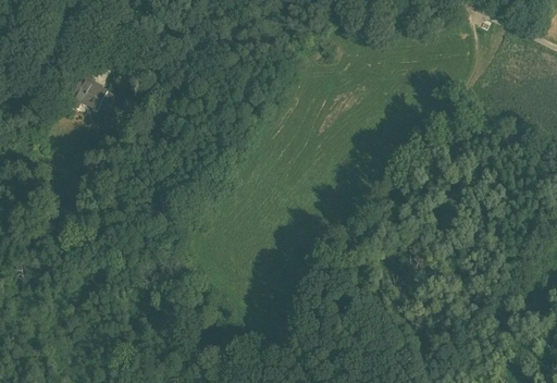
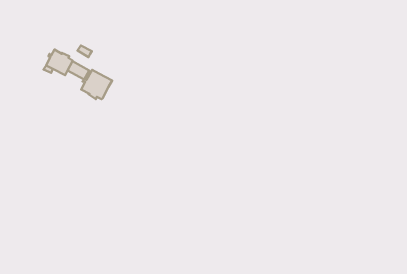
building: none -> [81,70,112,99]

